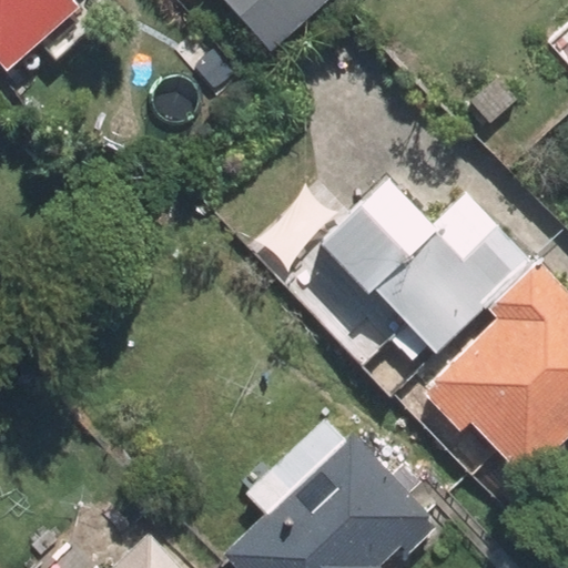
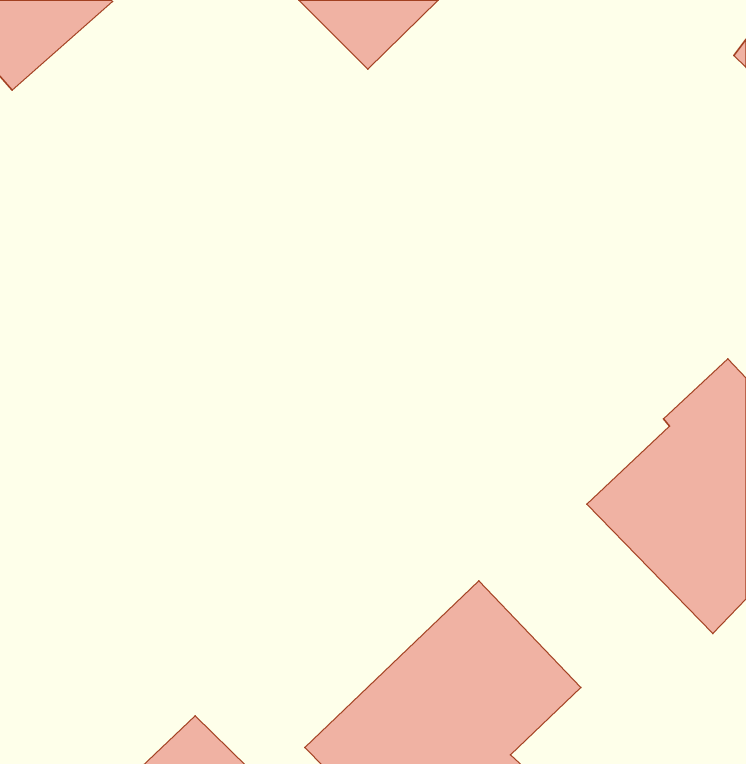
building: [327,176,529,347] -> none

